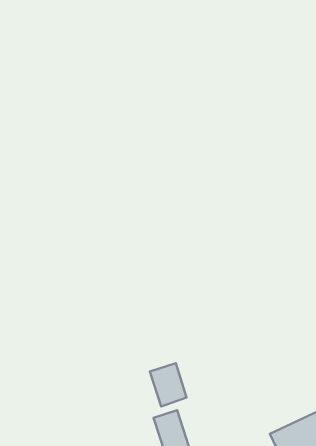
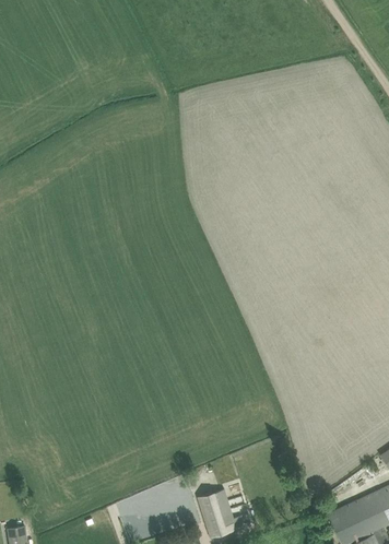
building: [150,363,186,406] -> none

